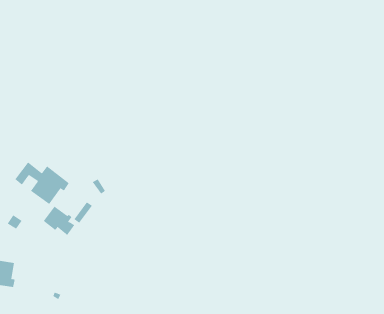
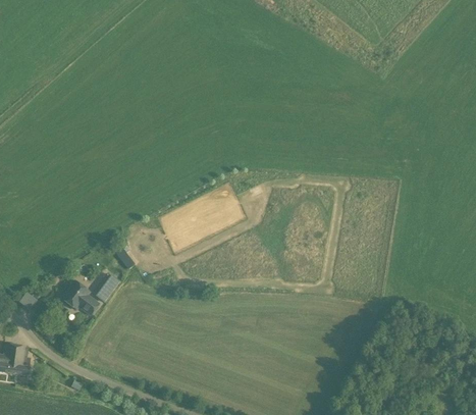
building: [15,161,69,205] -> none

